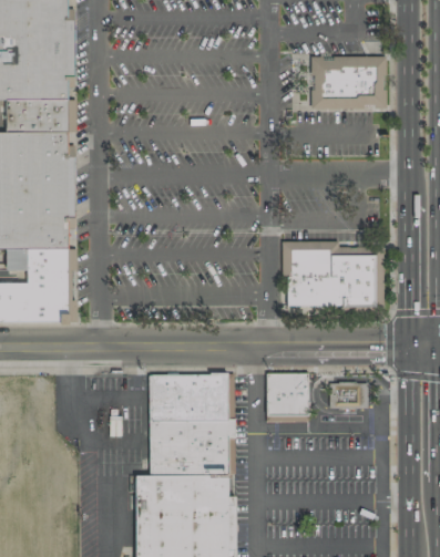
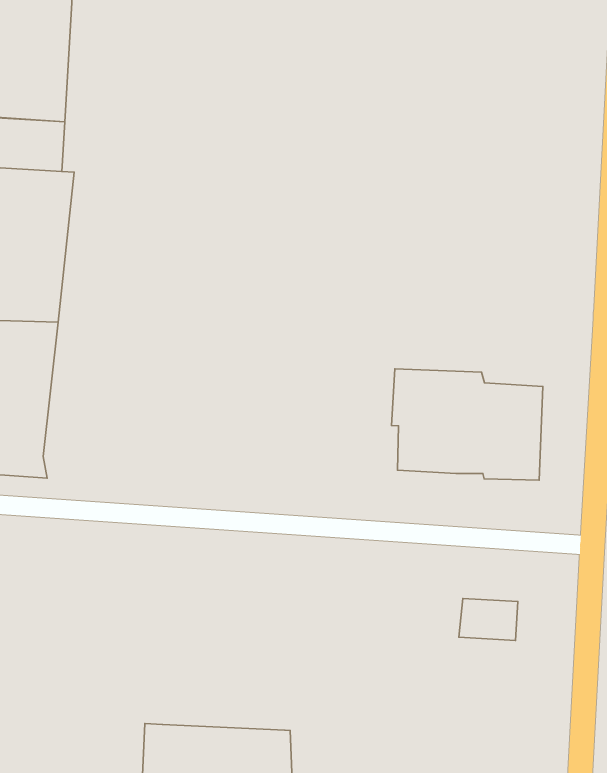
building: [310,55,385,106] -> none
building: [145,372,234,472] -> none
building: [268,377,310,419] -> none

